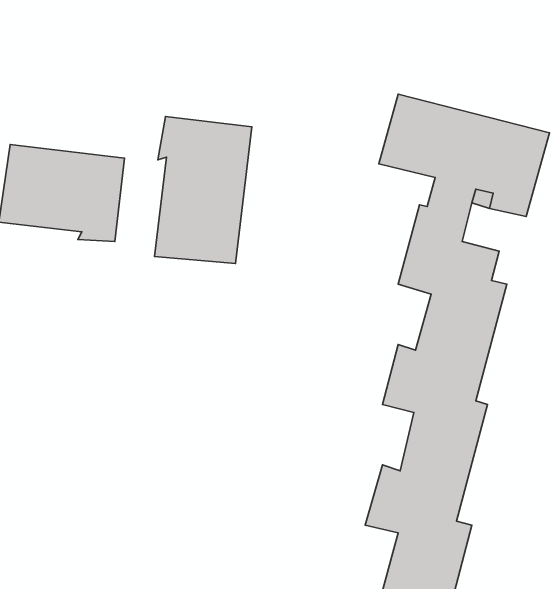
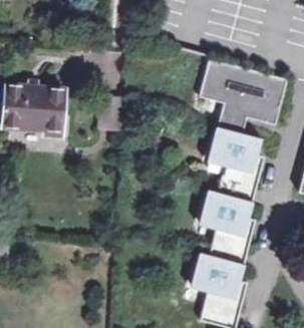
building: [155,116,252,263] -> none

